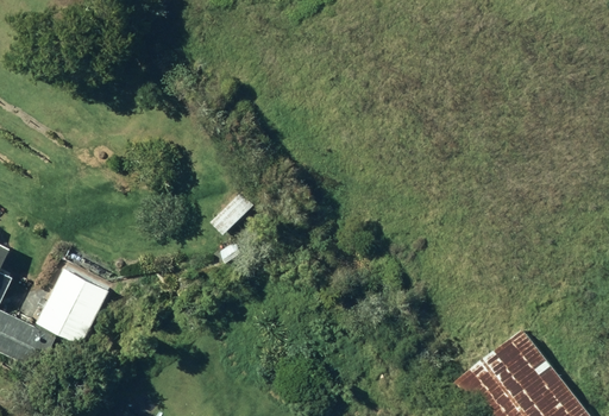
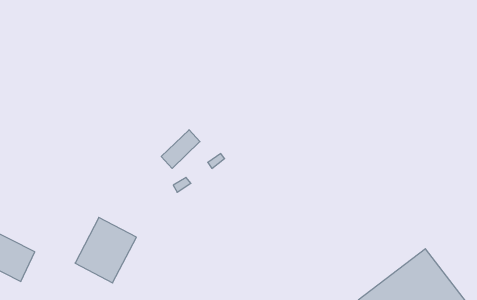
building: [37,266,111,345] -> [75,217,136,283]

